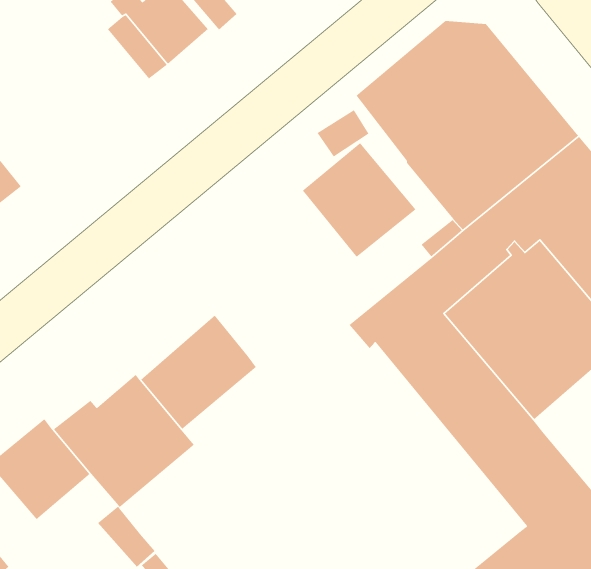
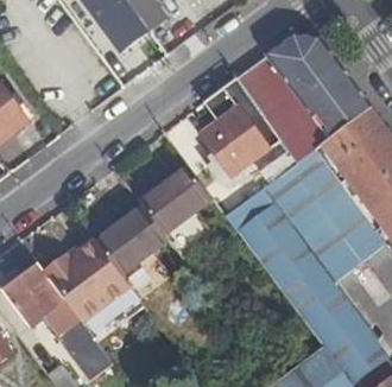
building: none -> [138,166,209,233]

